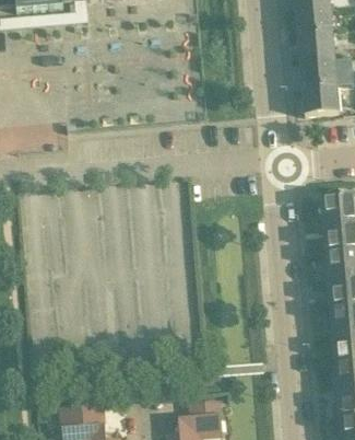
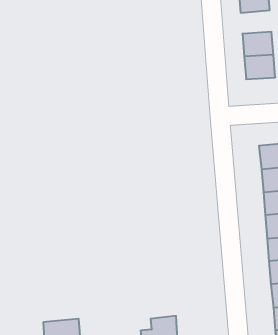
building: [296,31,333,59] -> none

